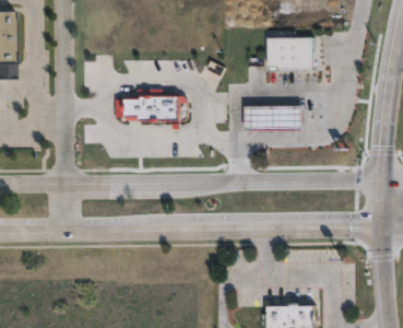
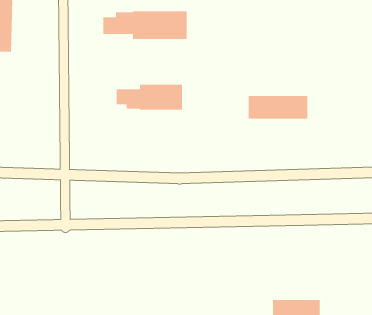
building: none -> [103,10,188,40]
building: [268,37,313,69] -> none

